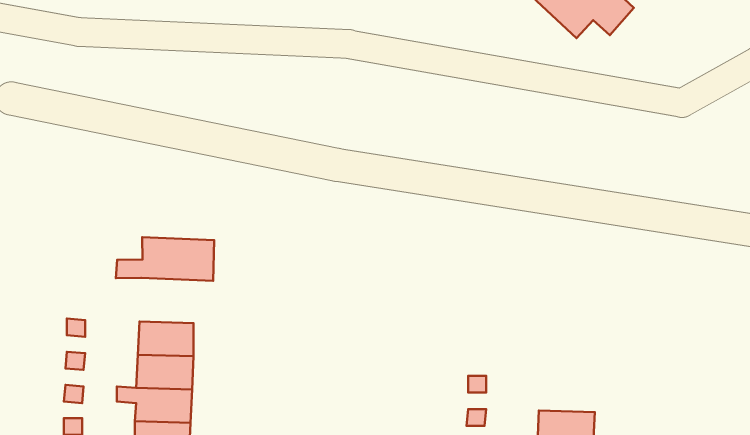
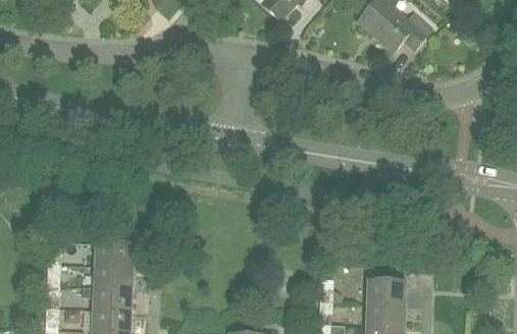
building: [116,237,214,281] -> none
building: none -> [367,280,405,303]

